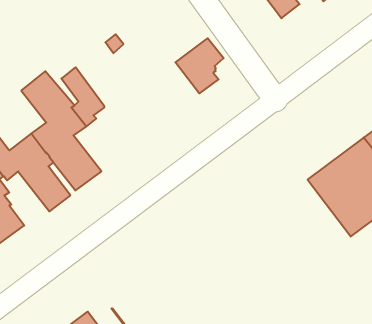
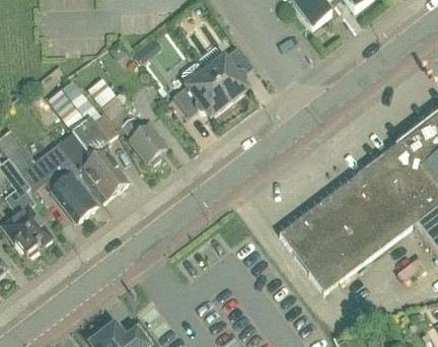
building: none -> [171,71,228,117]
building: none -> [121,117,166,163]
building: none -> [281,190,381,291]

